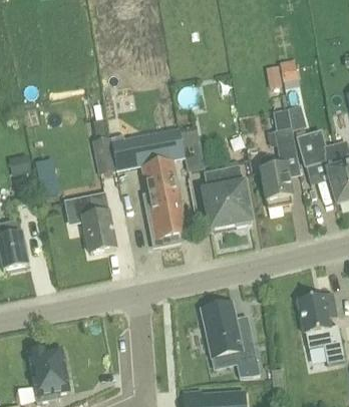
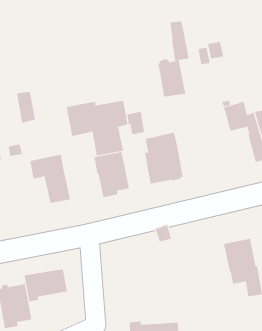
building: [258,108,296,199] -> [158,21,190,97]
building: [91,136,114,174] -> [16,91,36,123]
building: [201,302,260,377] -> none
building: none -> [24,268,67,302]

